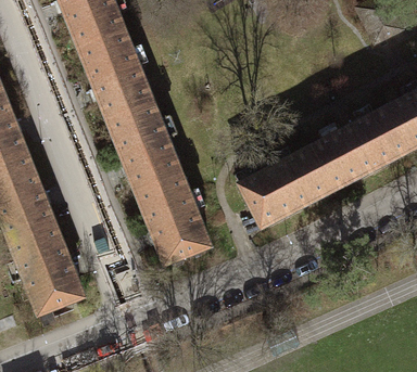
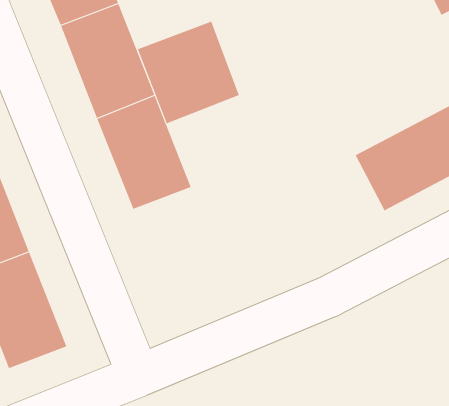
building: none -> [137,21,240,124]
building: [238,147,330,227] -> none
building: [135,172,210,264] -> none

